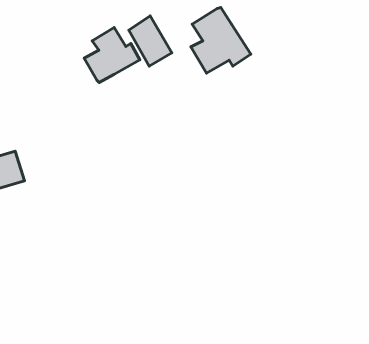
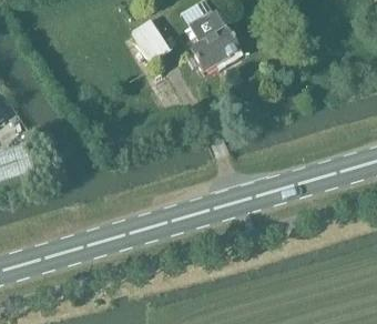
building: [84,27,140,83] -> none

